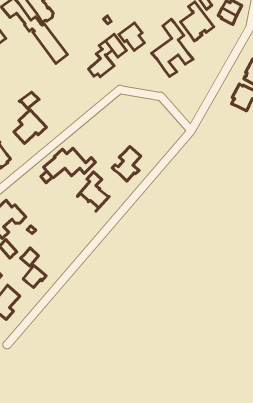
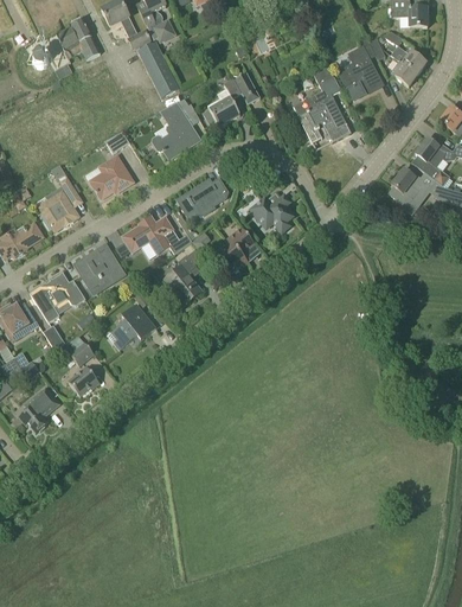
building: [119,23,145,50] -> none
building: none -> [153,98,200,159]
building: none -> [177,178,227,219]
building: none -> [250,196,293,232]
building: none -> [75,249,124,289]
building: none -> [111,305,159,346]

